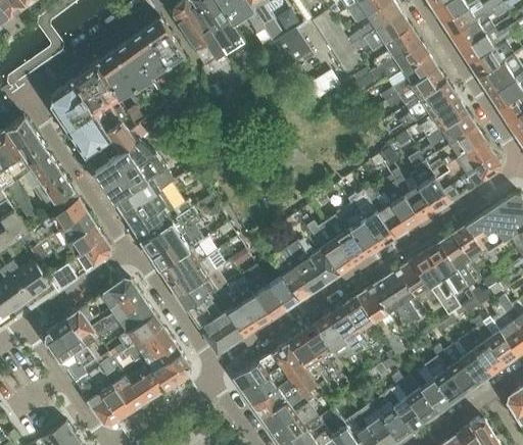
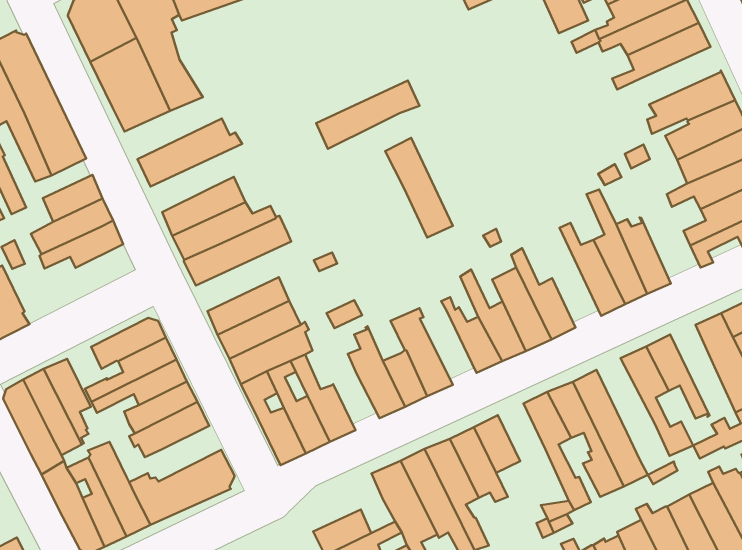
building: [397,67,445,107] -> none
building: [94,140,151,185] -> none
building: [409,151,451,212] -> none
building: [114,166,175,214] -> [316,80,419,149]
building: [348,189,395,247] -> [385,138,453,237]
building: [150,229,202,269] -> none
building: [438,235,475,288] -> none
building: [47,237,110,290] -> none
building: [287,248,326,292] -> none
building: [397,261,437,305] -> none
building: [227,279,272,328] -> none
building: [342,297,380,350] -> none
building: [138,338,180,376] -> none
building: [233,352,281,392] -> none

